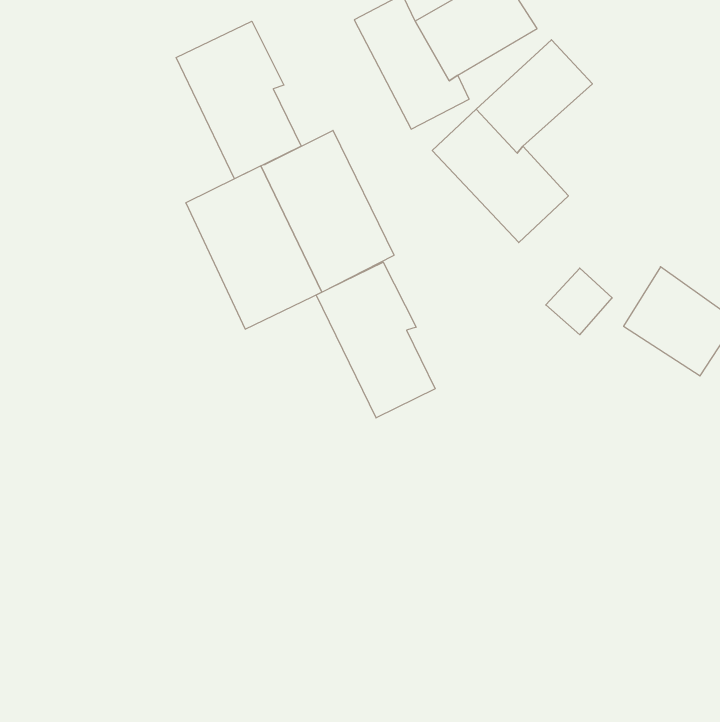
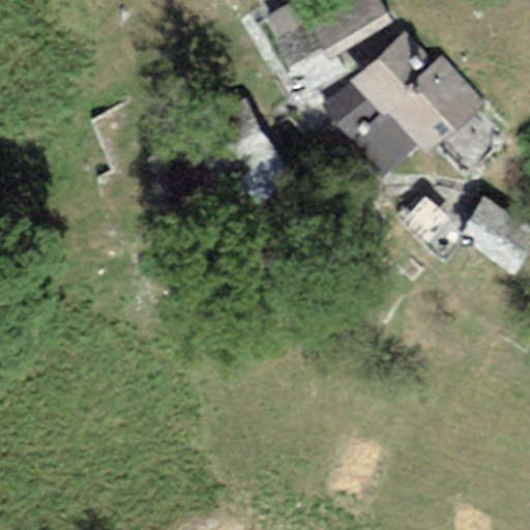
building: [176,21,301,179] -> none
building: none -> [385,55,487,155]
building: [316,262,435,418] -> none

